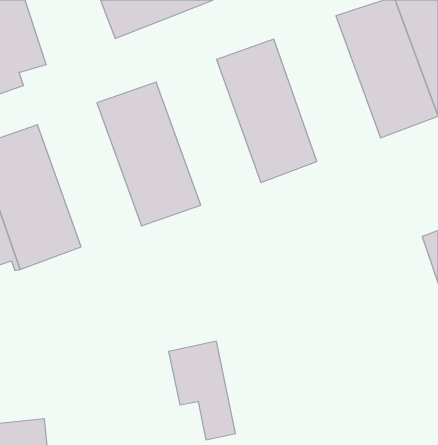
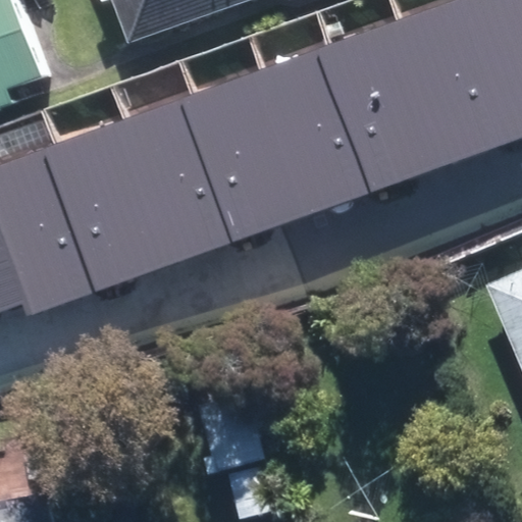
building: none -> [320,19,445,190]
building: none -> [182,70,305,241]
building: none -> [44,121,165,290]

